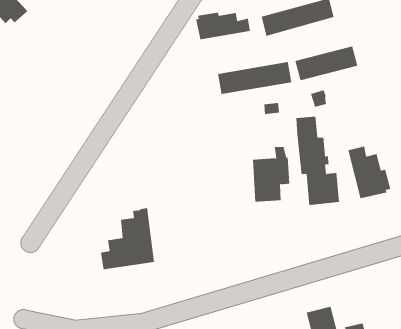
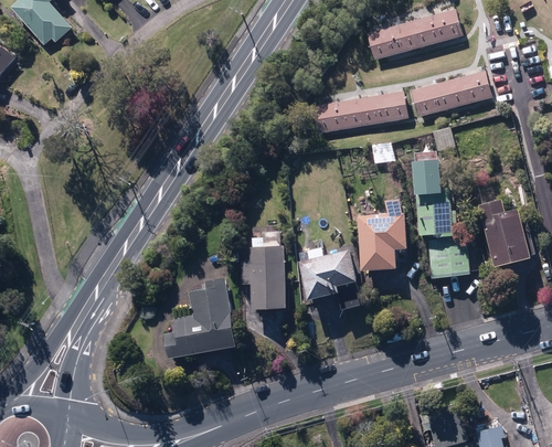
building: [195,12,250,40] -> none
building: none -> [242,232,285,309]
building: none -> [299,251,361,309]

